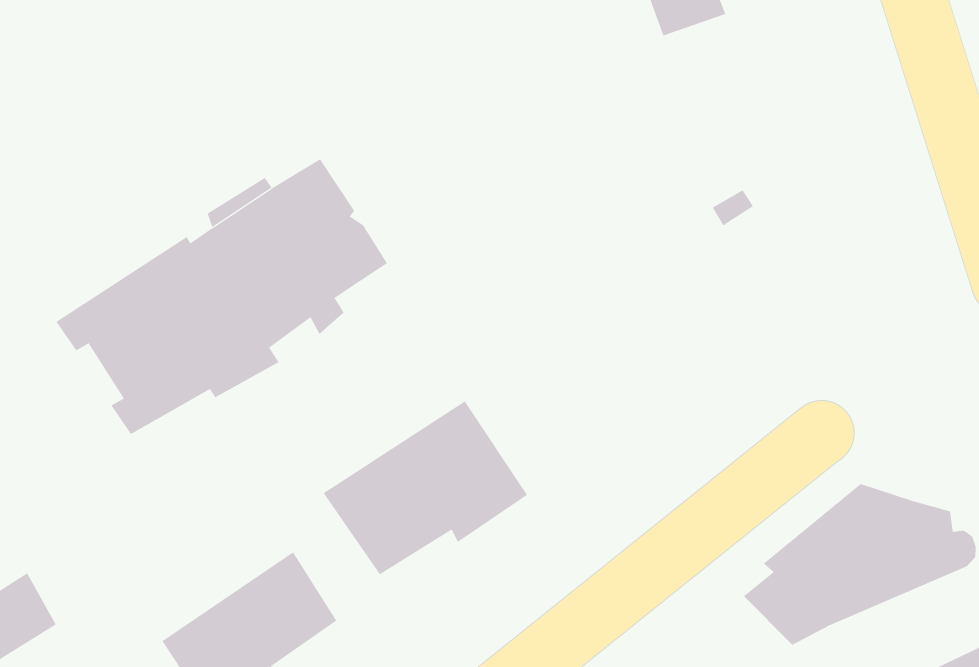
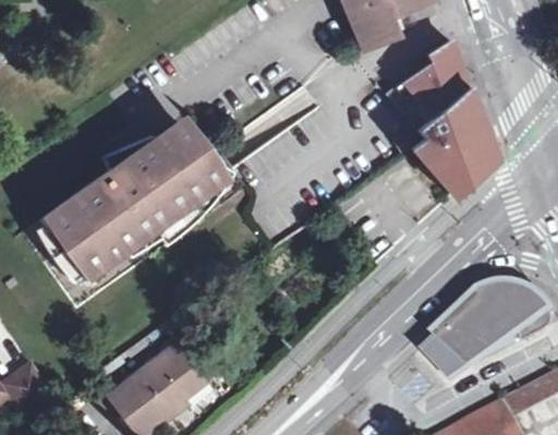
building: none -> [387,36,499,198]
building: [323,401,528,575] -> none

